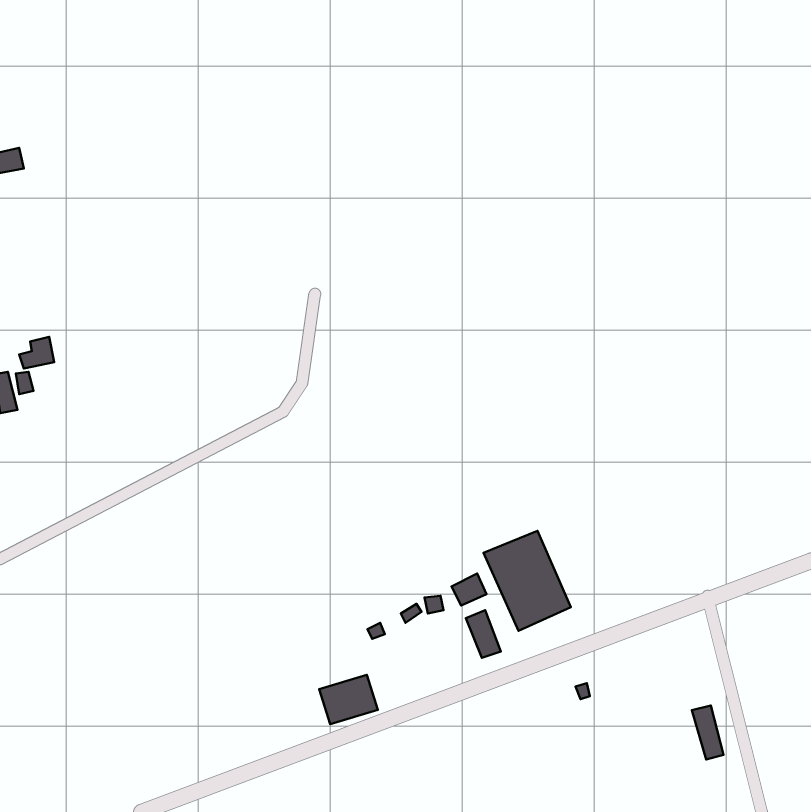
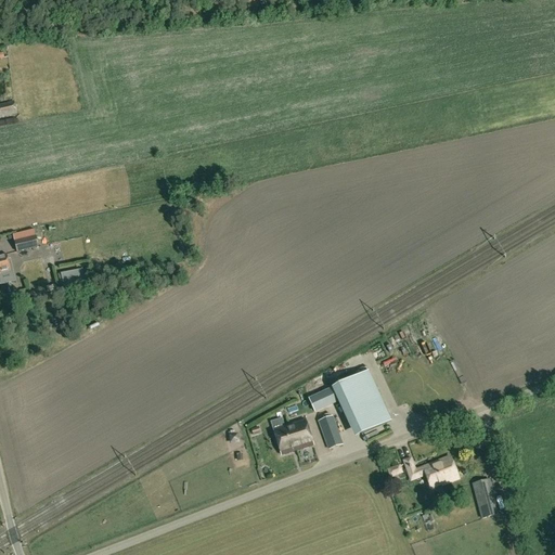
building: none -> [402,457,457,489]
building: [319,675,378,724] -> [272,421,312,454]

